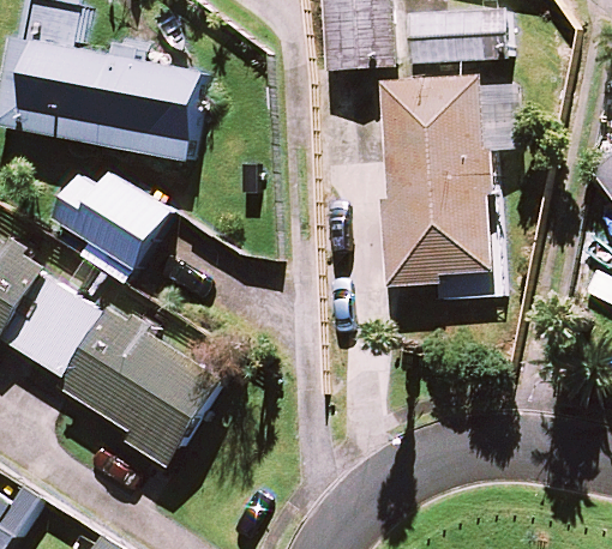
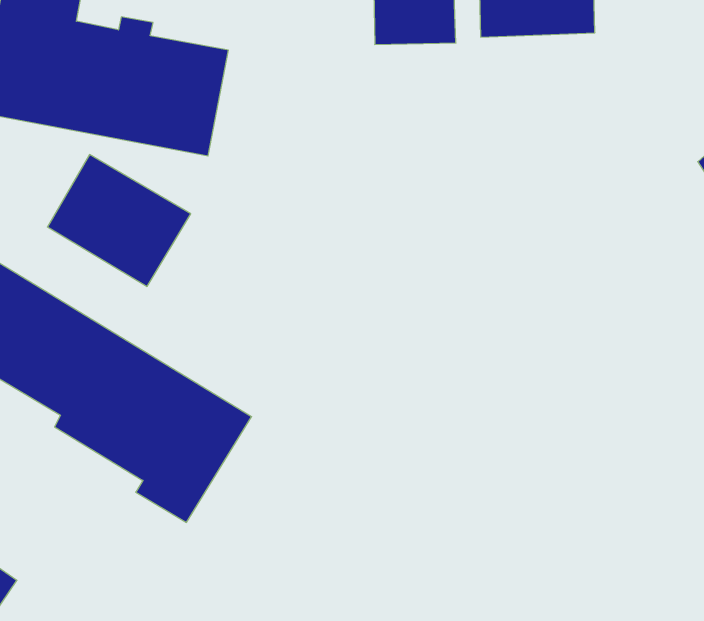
building: [384,80,487,284] -> none

